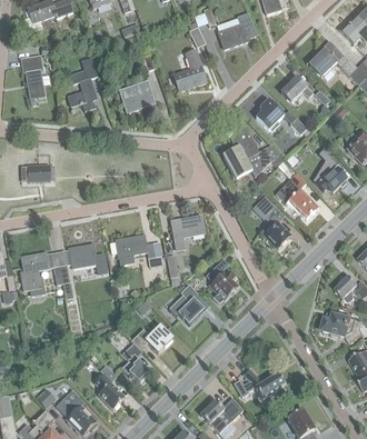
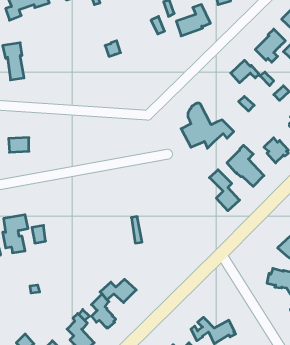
building: [172,50,205,90] -> none
building: [68,54,97,110] -> none
building: [118,79,155,112] -> none
building: [255,98,284,129] -> none
building: [171,214,204,249] -> none
building: [110,236,162,266] -> none
building: [68,242,96,268] -> none
building: [206,267,237,301] -> none
building: [168,283,202,323] -> none

